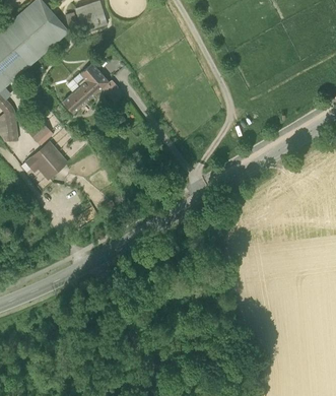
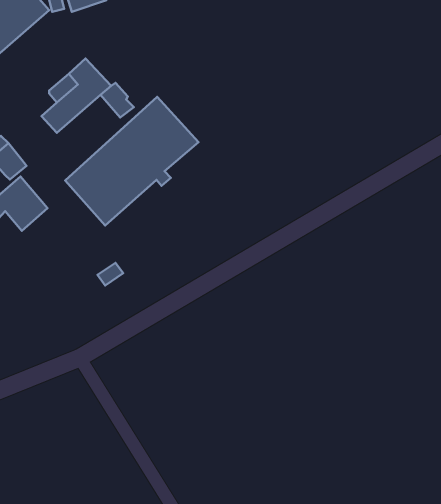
building: none -> [65,97,199,225]

